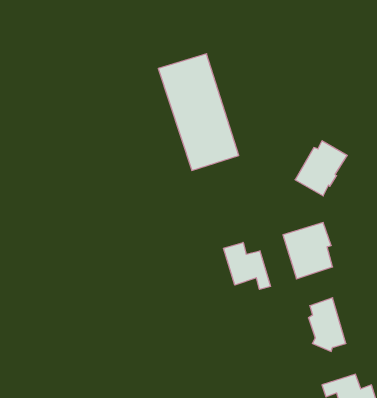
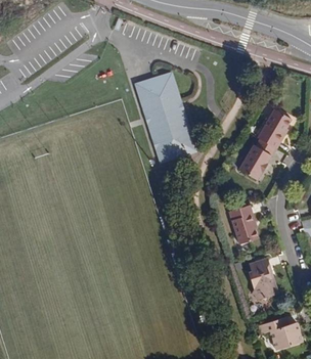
building: none -> [256,108,294,150]
building: [224,242,270,289] -> none

